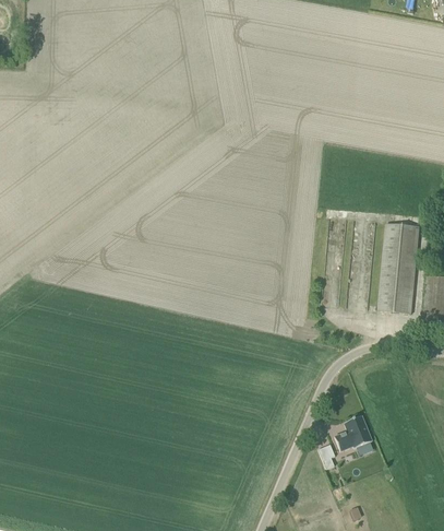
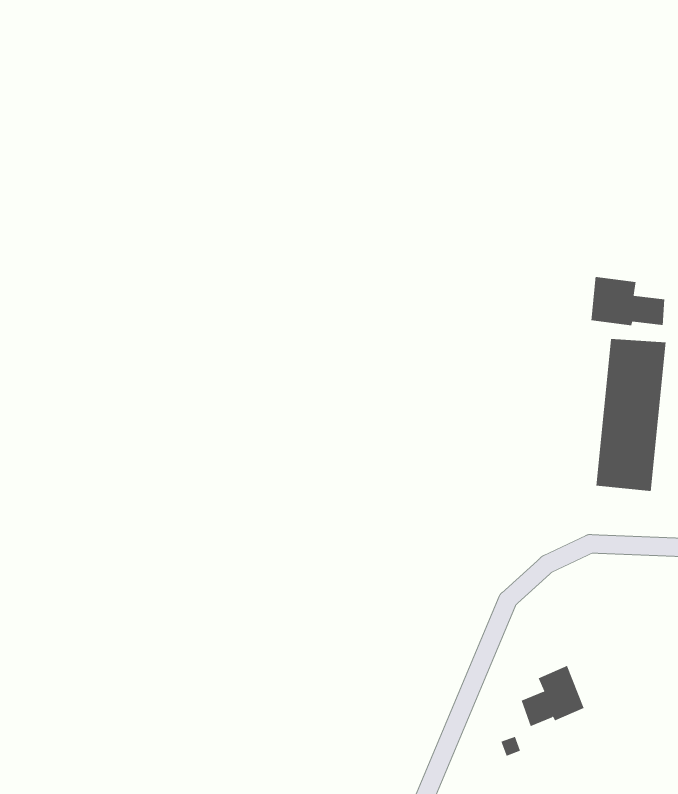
building: none -> [591,276,665,326]

